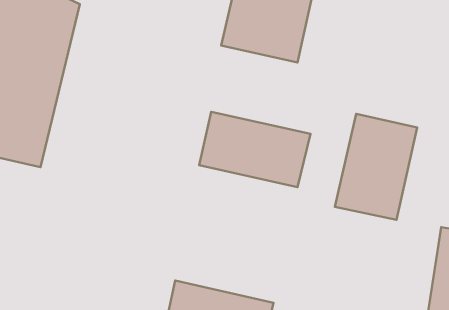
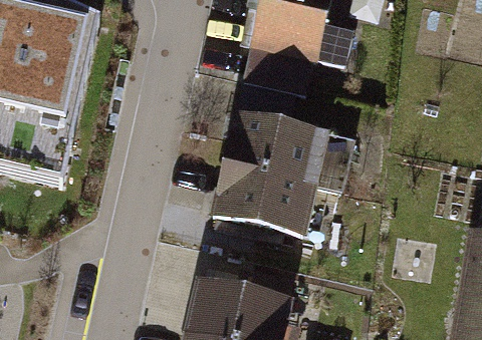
building: [335,114,417,220] -> none
building: none -> [210,169,320,245]

